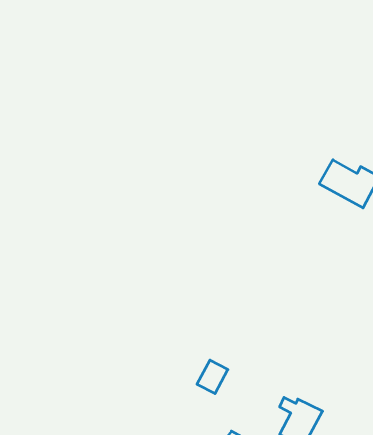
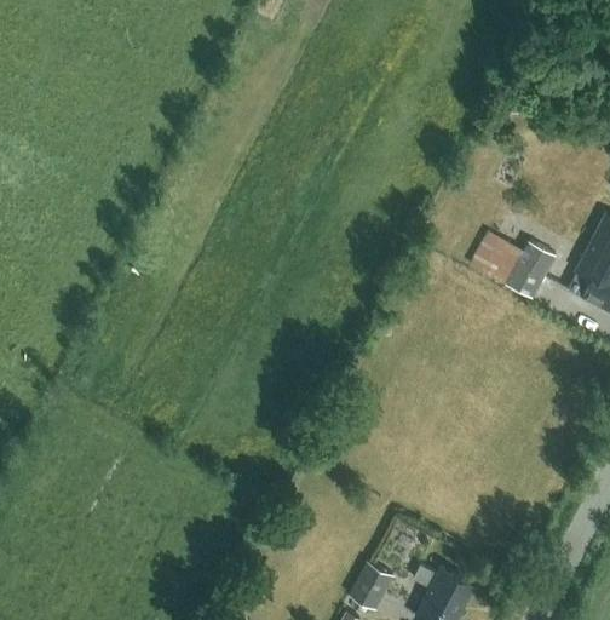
building: [197,360,228,394] -> [350,562,393,609]

